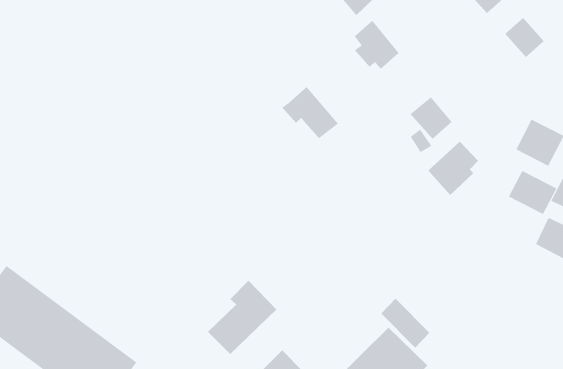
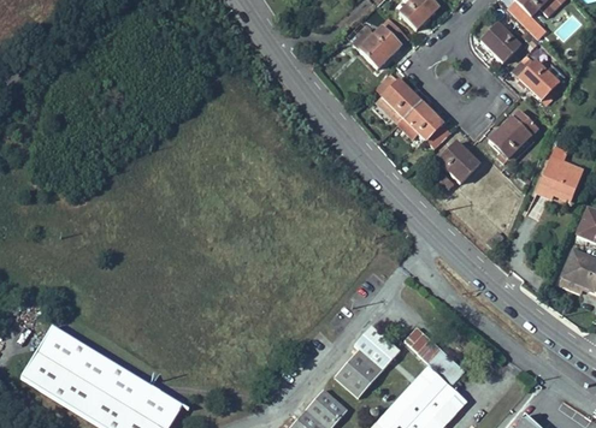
building: [281,86,339,139] -> [397,102,453,151]
building: [428,141,479,196] -> [488,109,536,162]
building: [508,170,557,215] -> none
building: [207,280,277,355] -> [337,327,402,399]

